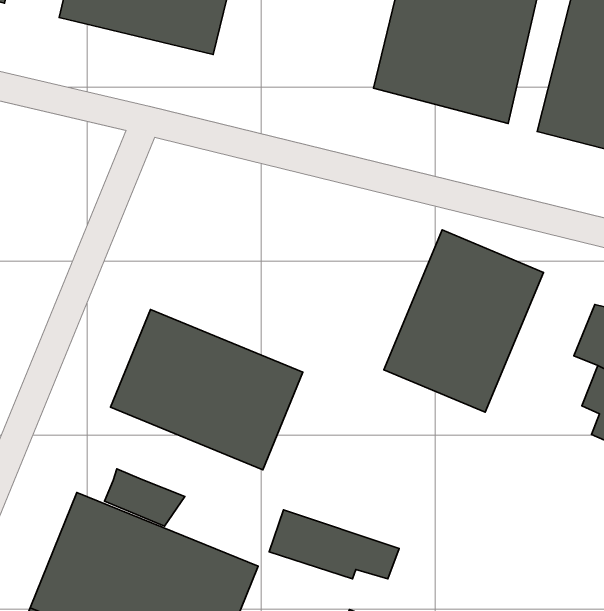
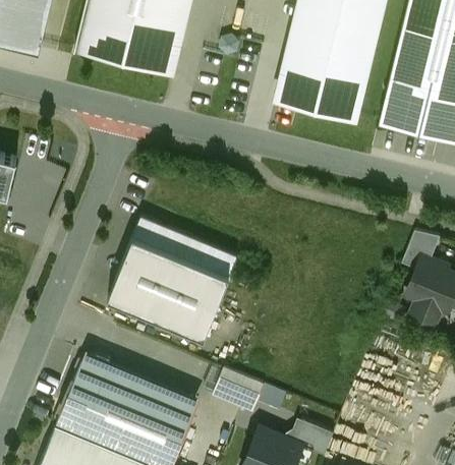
building: [384,230,543,412] -> none
building: none -> [132,219,236,277]
building: [104,469,185,526] -> none

